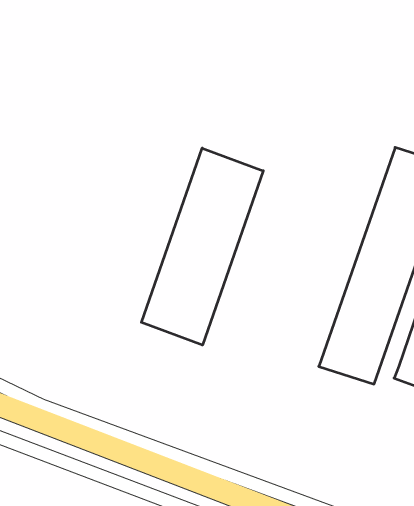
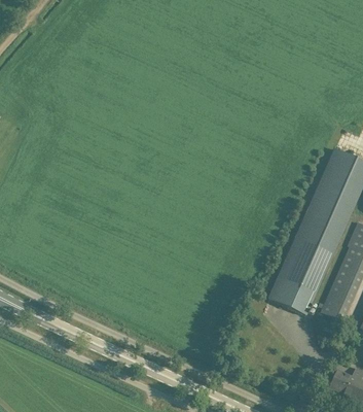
building: [141,148,263,345] -> none

